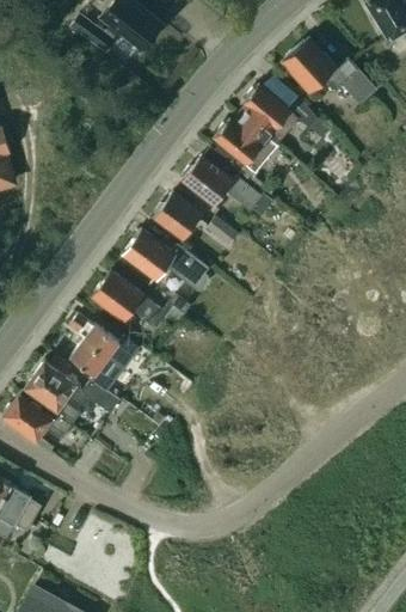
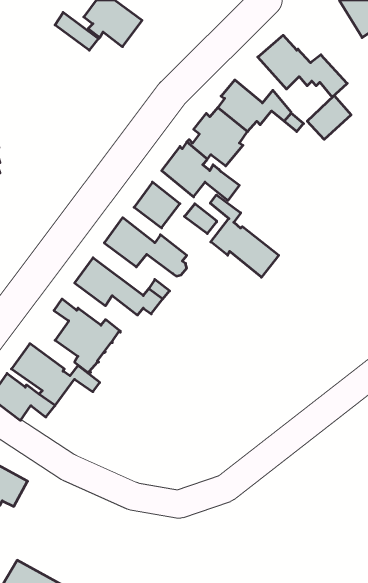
building: none -> [307,96,351,139]
building: none -> [210,195,279,277]

